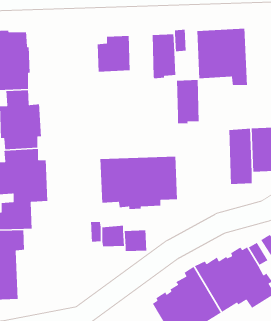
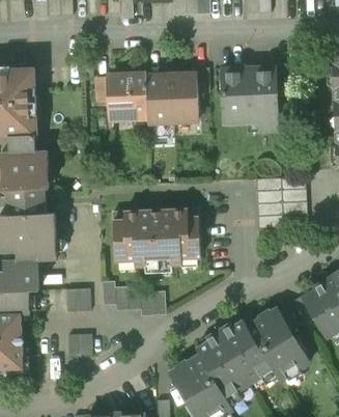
building: [176,79,199,124] -> [146,74,172,123]
building: none -> [66,288,91,312]
building: none -> [68,334,92,358]

